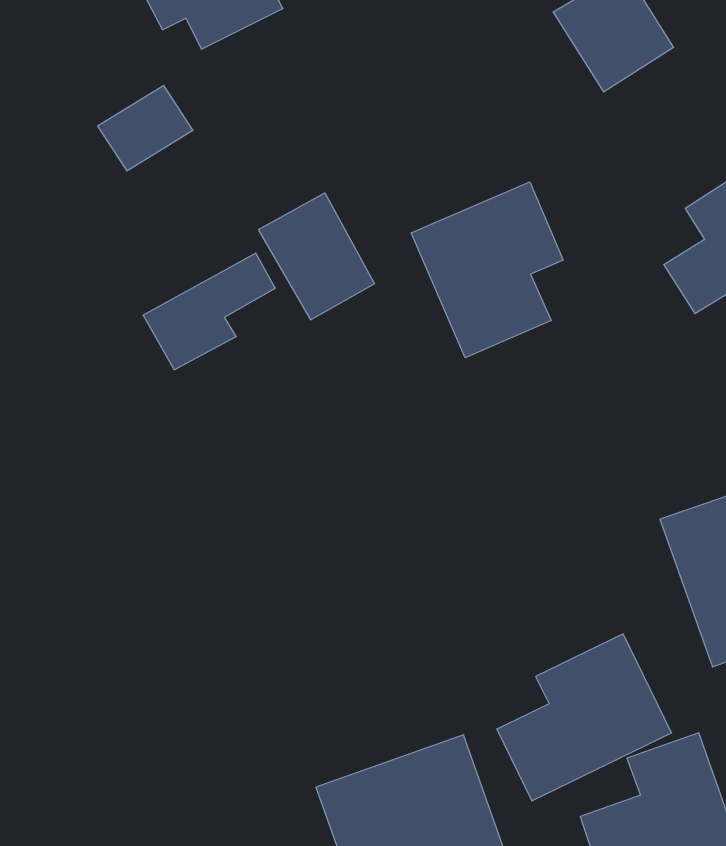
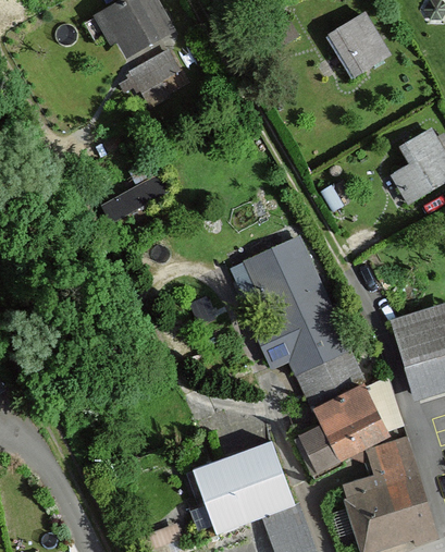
building: [98,85,193,171] -> [125,47,178,95]
building: [411,182,563,358] -> none
building: [259,193,375,320] -> none
building: none -> [225,234,358,394]

